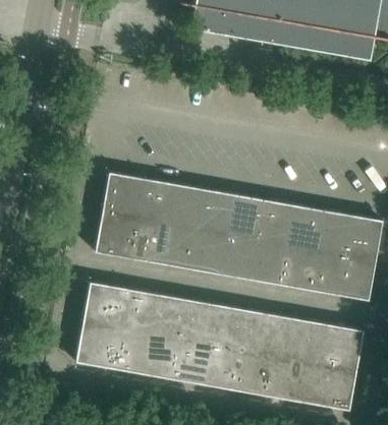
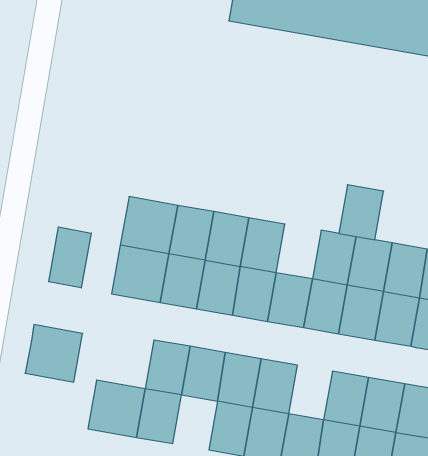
building: [229,195,266,240] -> [339,185,384,240]
building: none -> [49,227,91,288]
building: [82,283,129,329] -> [25,325,83,382]
building: [239,310,275,355] -> none
building: [145,335,181,379] -> none

